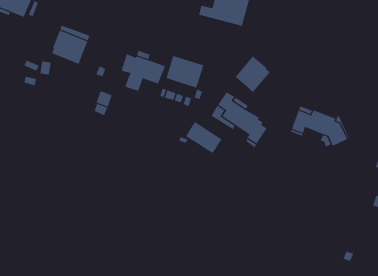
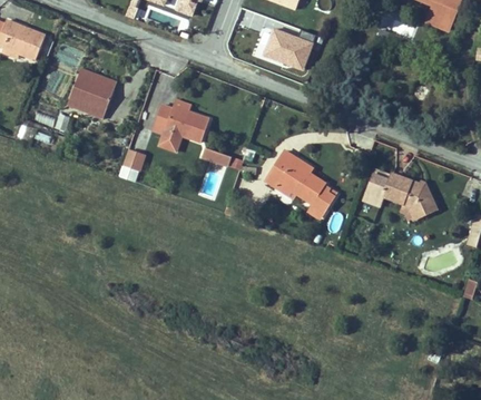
building: [166,55,204,88] -> none
building: [235,55,271,93] -> none
building: [185,121,222,154] -> none

